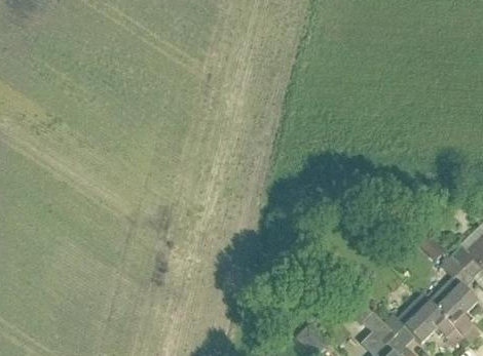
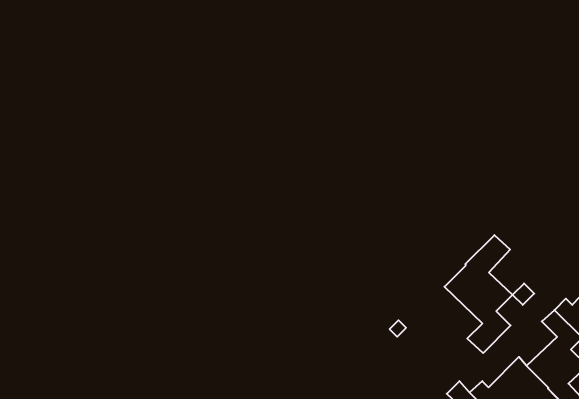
building: none -> [444,235,513,353]

